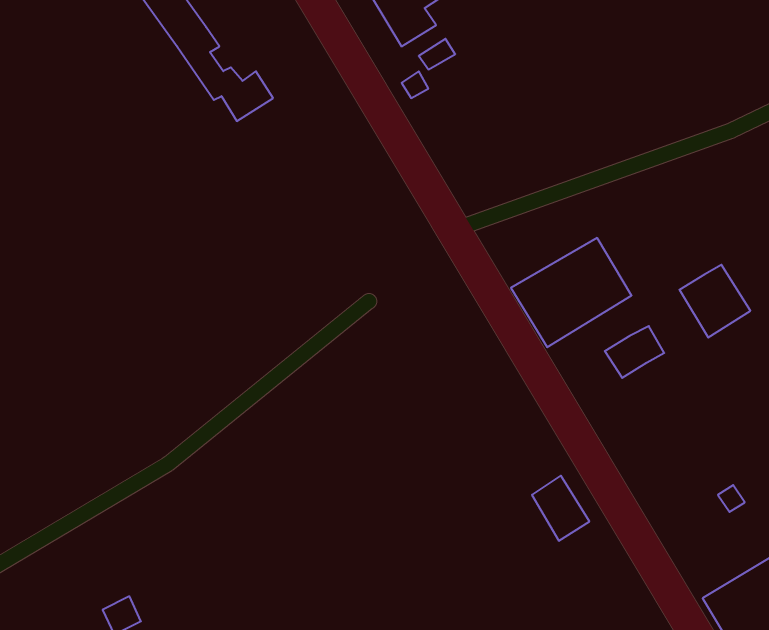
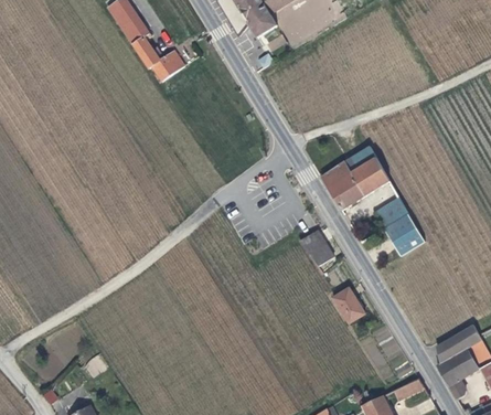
building: [679,265,750,338] -> [384,213,425,255]
building: none -> [298,228,333,266]

